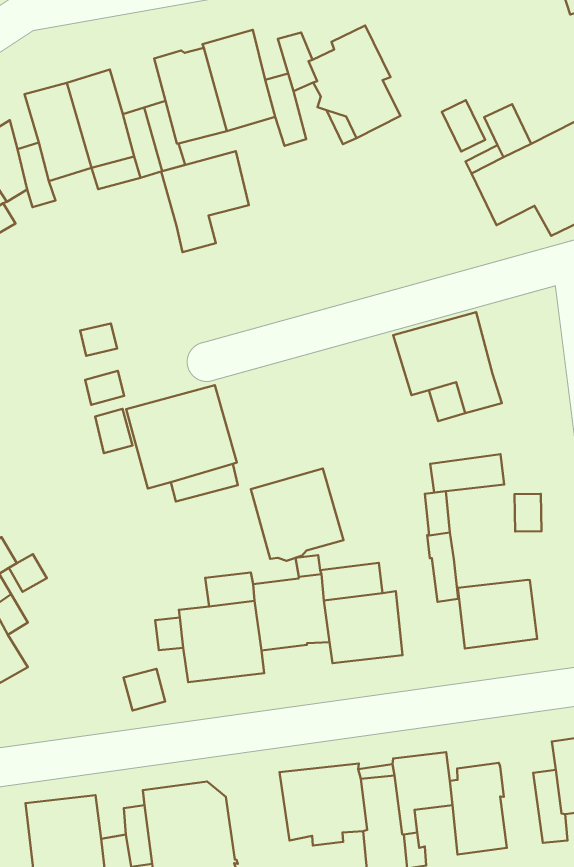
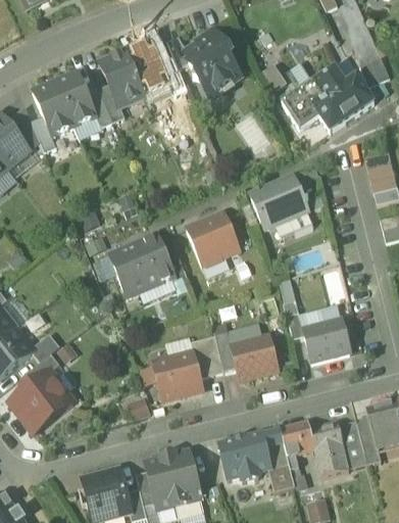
building: [161,151,249,252] -> none
building: [430,454,504,492] -> [299,304,341,330]
building: [251,468,343,561] -> [186,211,240,265]
building: none -> [339,421,367,469]

